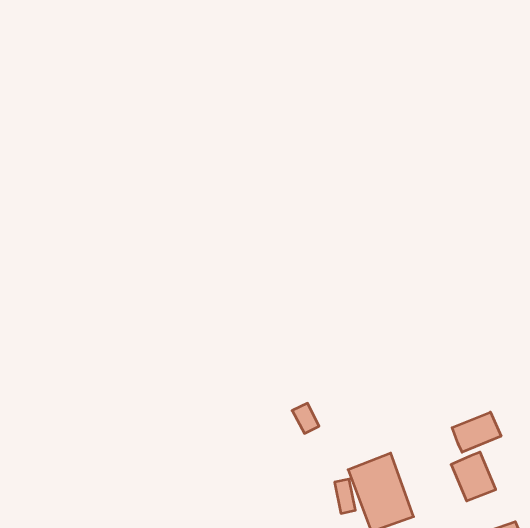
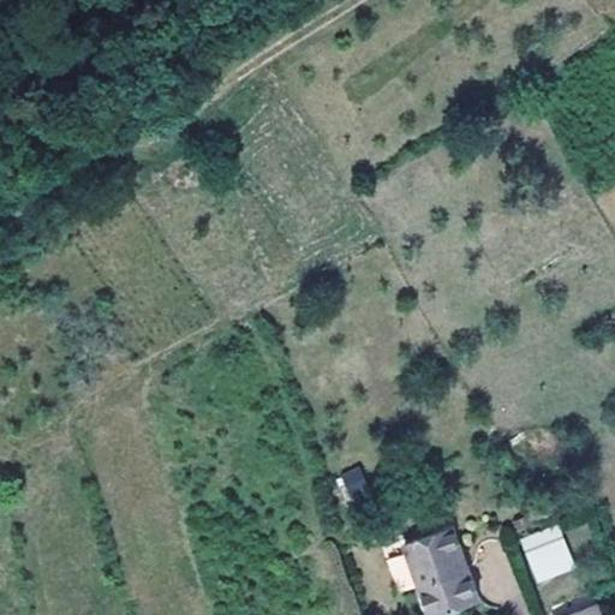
building: [452,412,501,452] -> none

